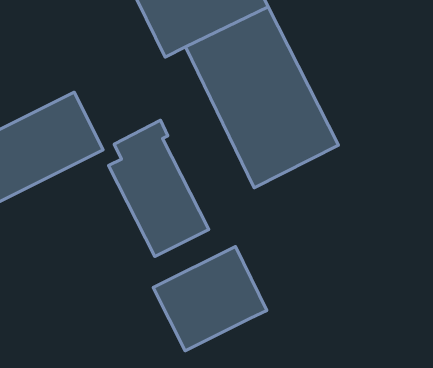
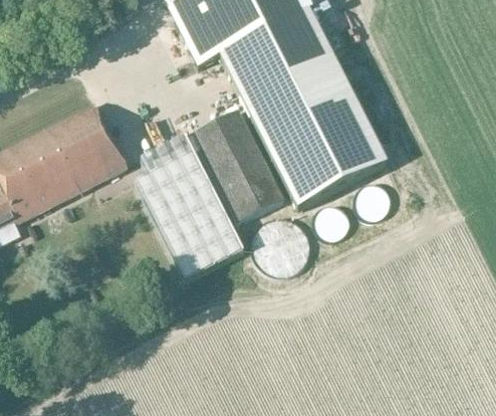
building: none -> [193,108,285,221]
building: [153,246,267,351] -> none

